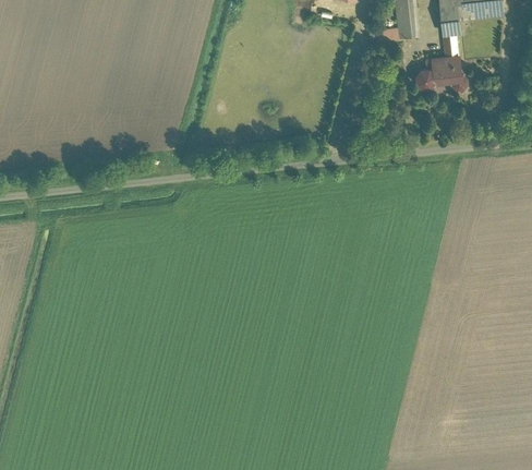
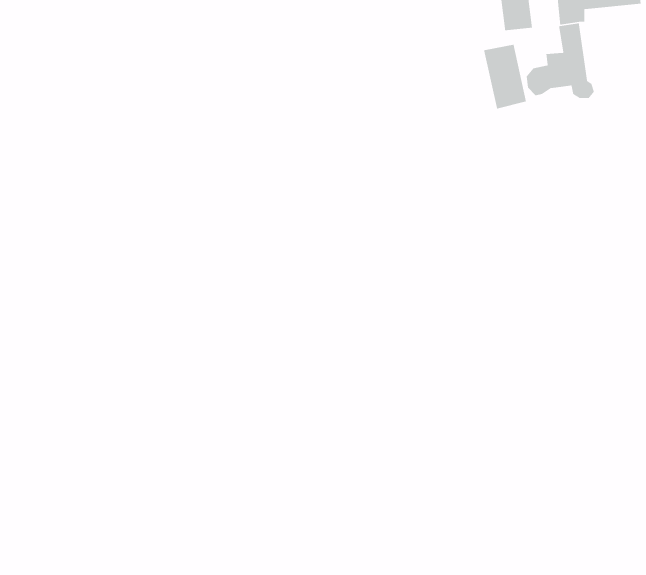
building: none -> [483,44,527,109]

